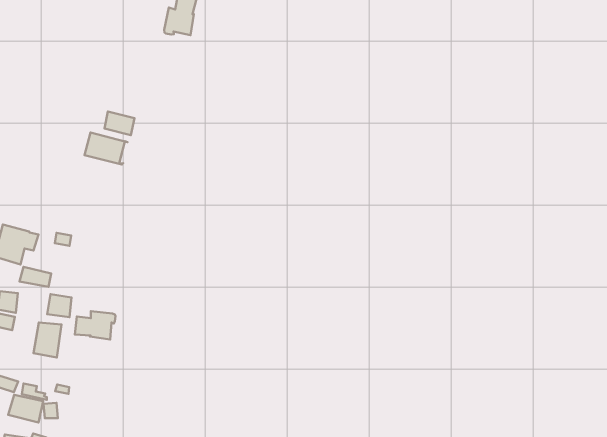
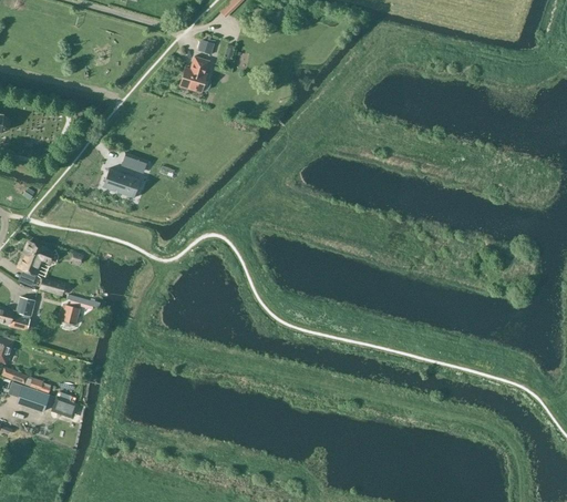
building: [75,311,116,340] -> none
building: [34,322,61,357] -> none

